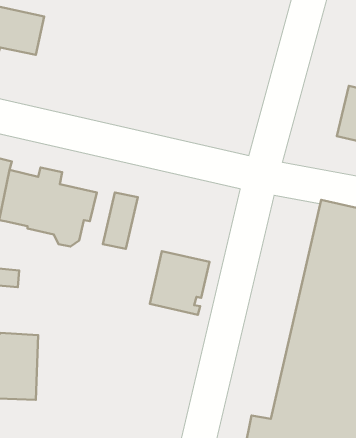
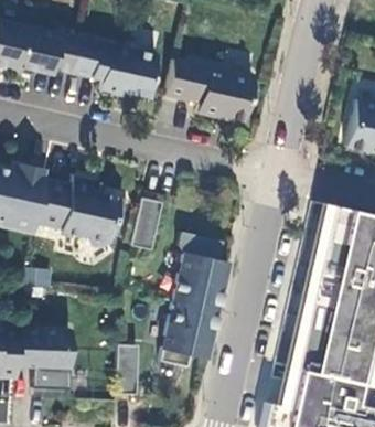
building: none -> [68,35,157,100]
building: none -> [165,57,254,119]
building: none -> [160,300,217,366]
building: none -> [116,344,139,394]

